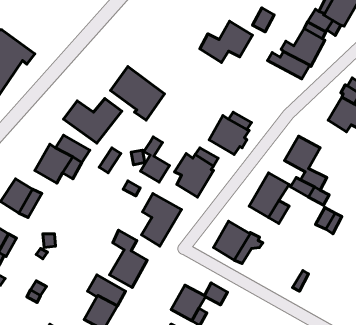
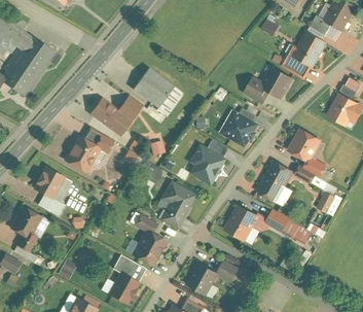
building: [200,21,252,63] -> [245,67,292,104]
building: [140,137,169,182] -> none
building: none -> [265,210,311,246]

